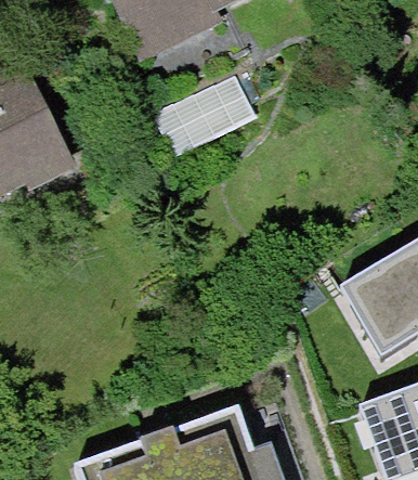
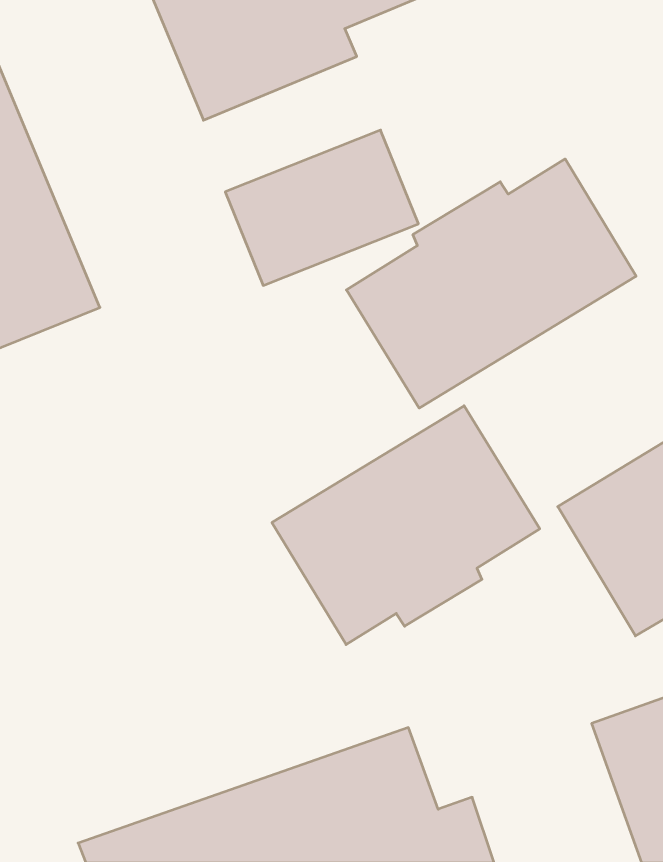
building: none -> [346,159,636,408]
building: none -> [272,406,540,645]

